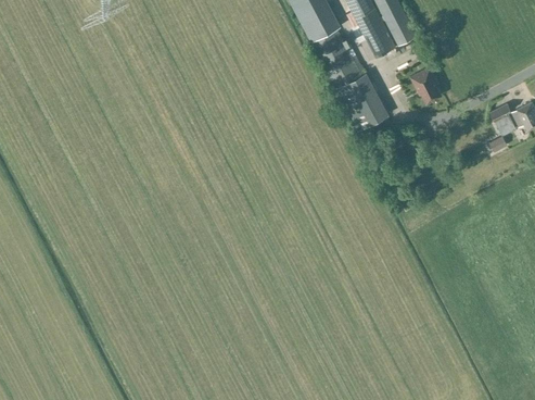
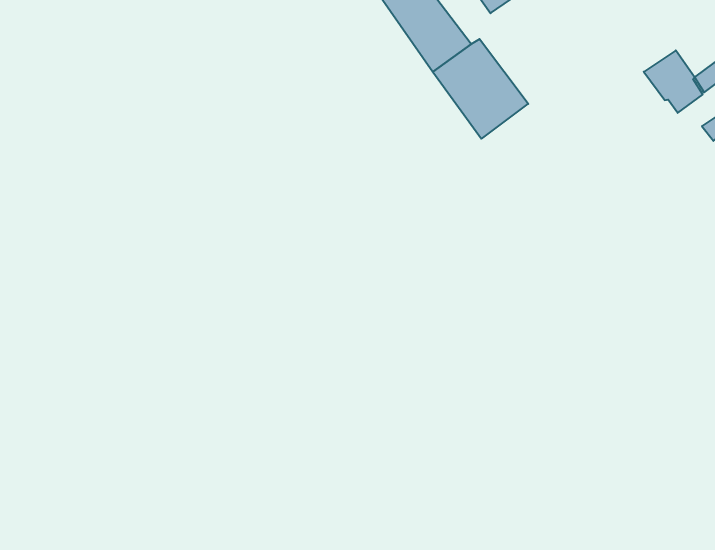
building: [409,66,442,103] -> [644,50,703,113]

